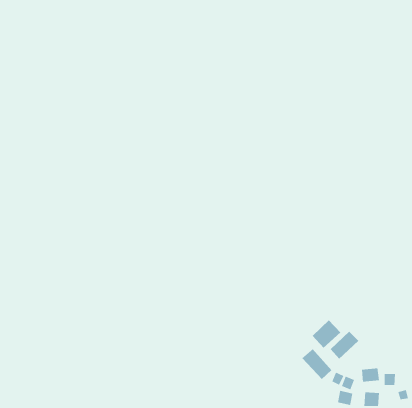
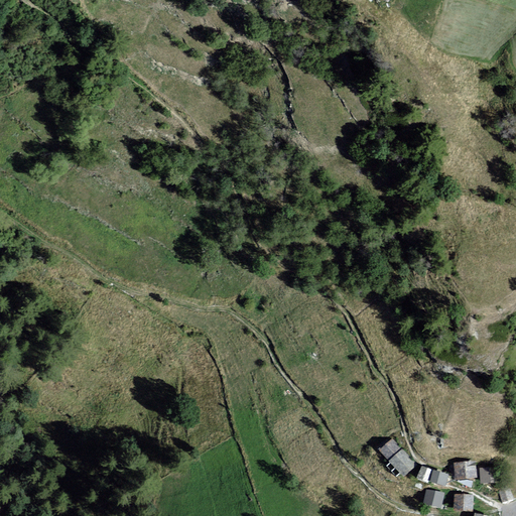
building: [312,320,341,349] -> none
building: [330,331,359,359] -> none

